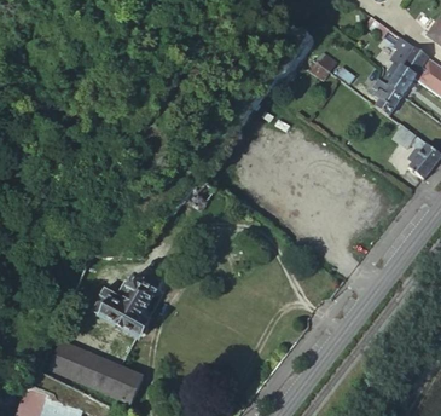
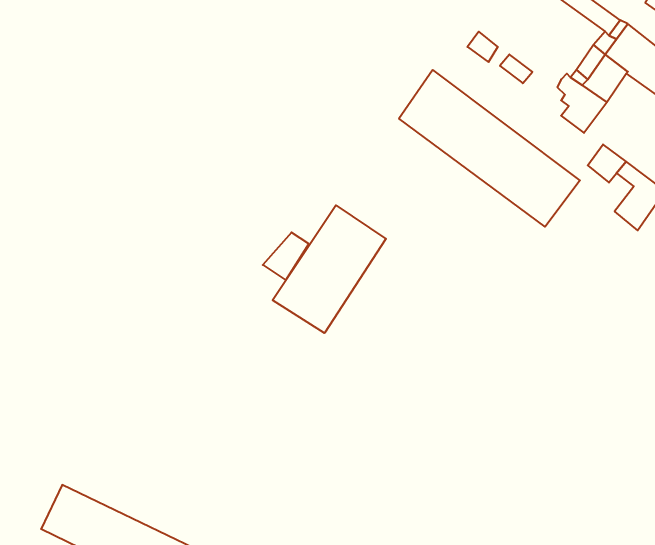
building: none -> [399,70,580,227]
building: none -> [273,205,386,333]
building: [89,273,152,337] -> none

